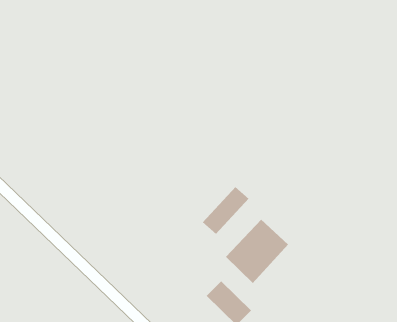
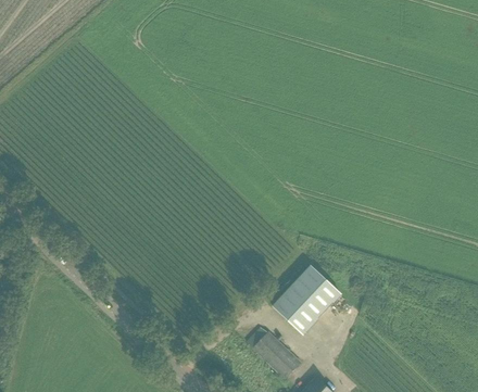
building: [202,186,249,235] -> none

